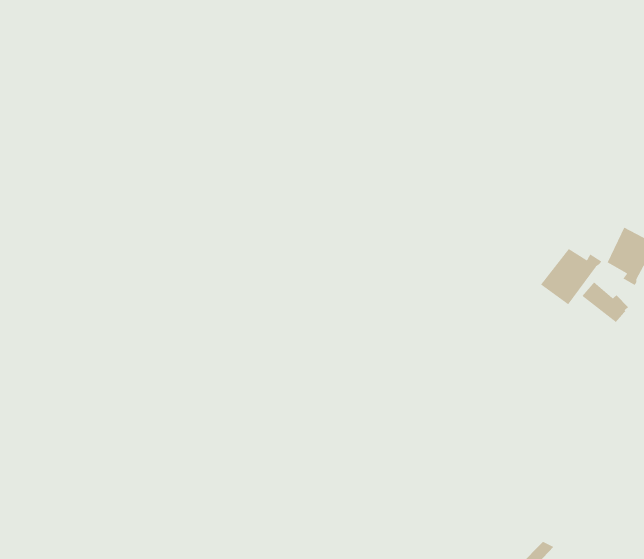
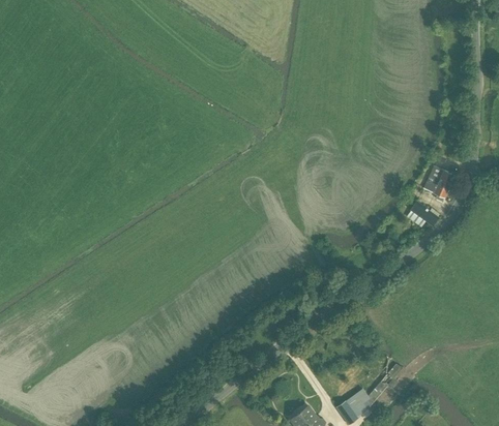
building: [540,248,602,305] -> none

